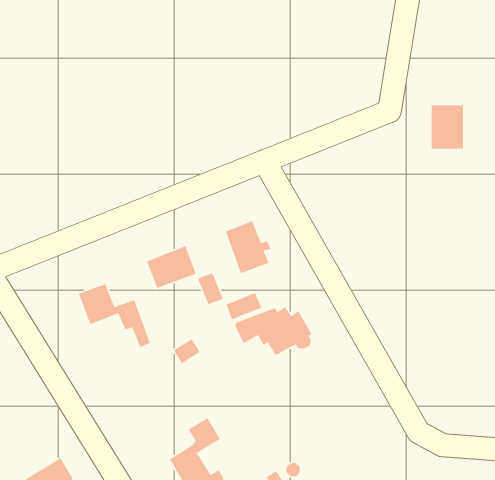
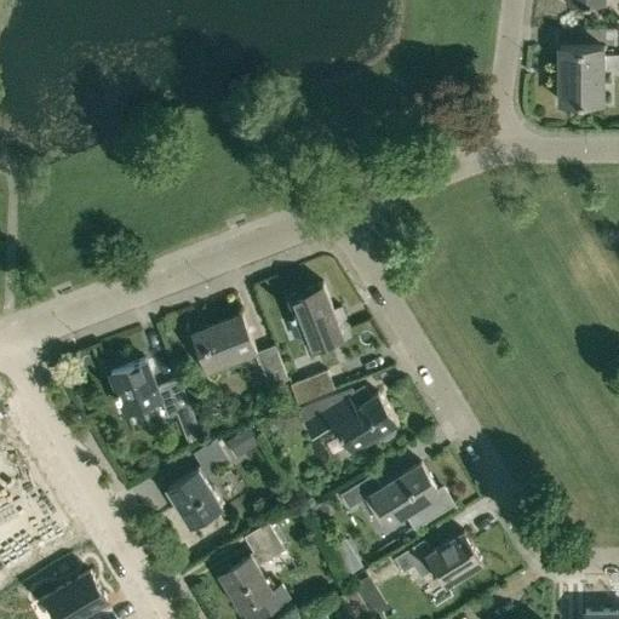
building: [431,105,464,150] -> [560,50,600,104]
building: none -> [167,441,229,527]
building: none -> [339,465,451,531]
building: none -> [394,534,481,586]

